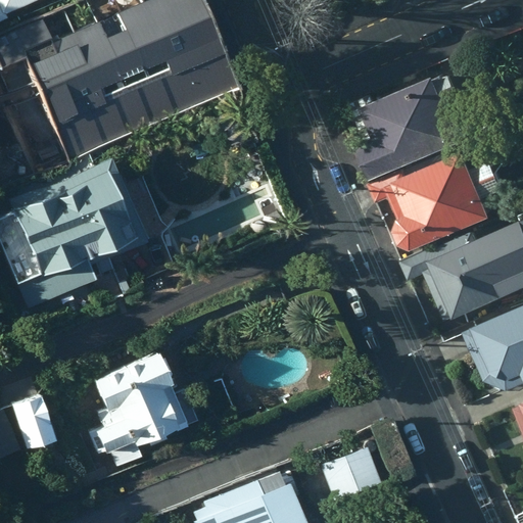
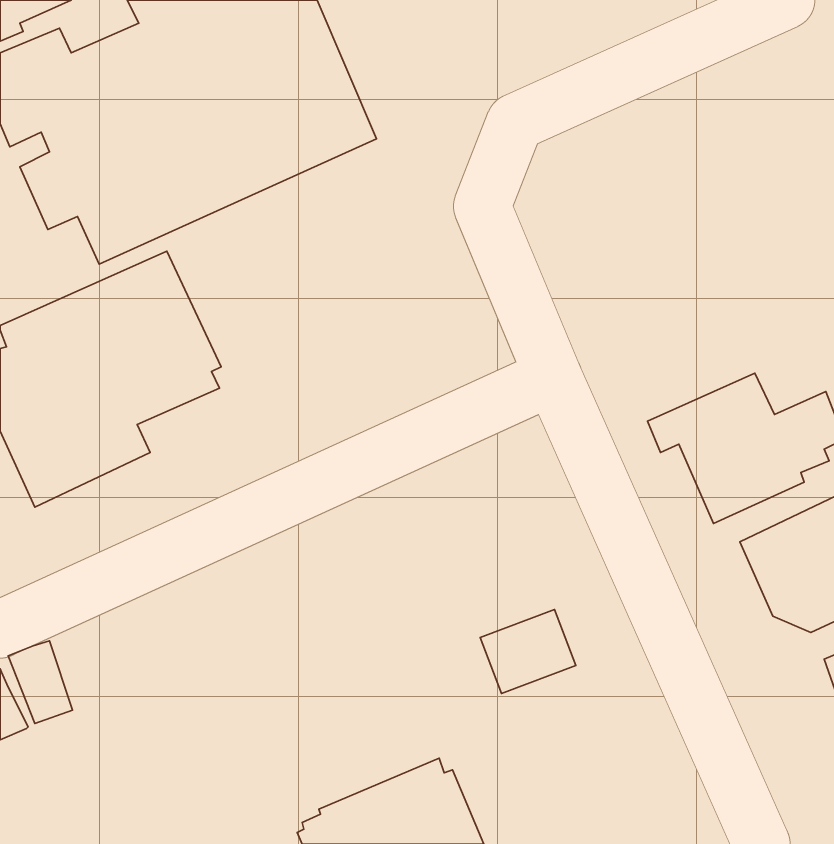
building: [351,77,468,180] -> none
building: [375,154,505,252] -> none
building: [89,352,182,465] -> none
building: [320,442,379,494] -> [480,609,576,694]

